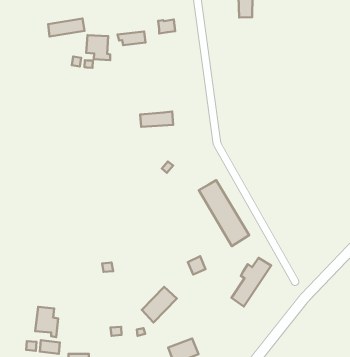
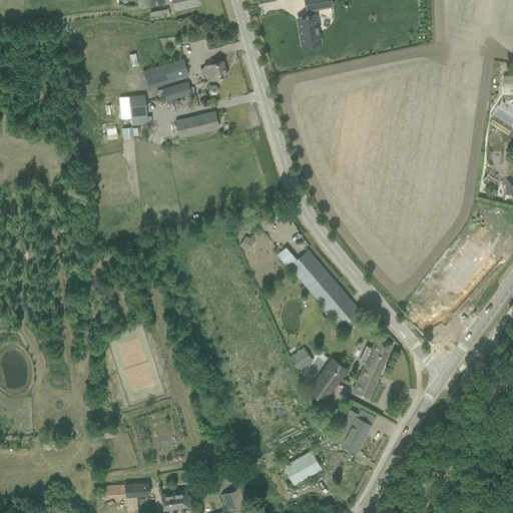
building: [48,18,85,37] -> [142,58,188,87]
building: [140,112,173,127] -> [175,111,218,136]
building: [142,287,177,322] -> [308,357,349,403]
building: [35,307,58,337] -> none
building: none -> [336,408,375,452]

